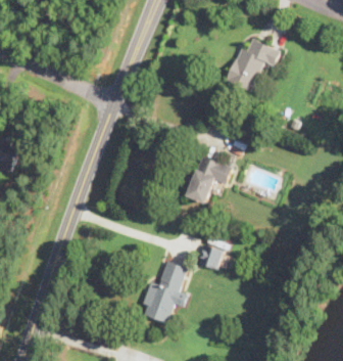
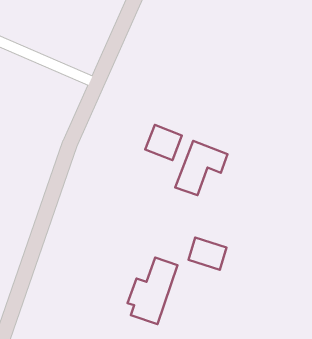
building: [224,39,279,92] -> none
building: none -> [145,125,182,160]

